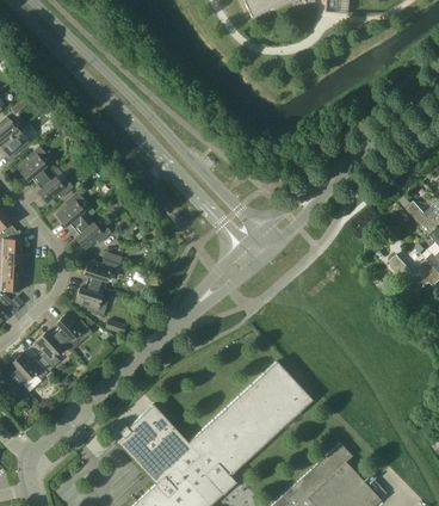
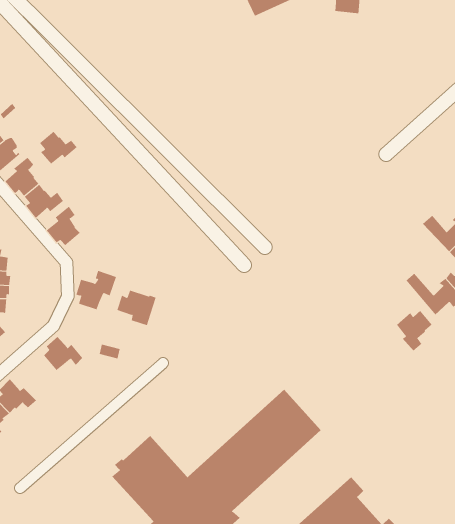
building: none -> [39,131,78,164]
building: [74,217,111,249] -> none
building: [74,283,111,316] -> [116,290,156,326]
building: none -> [396,310,432,352]
building: [33,331,66,369] -> none

